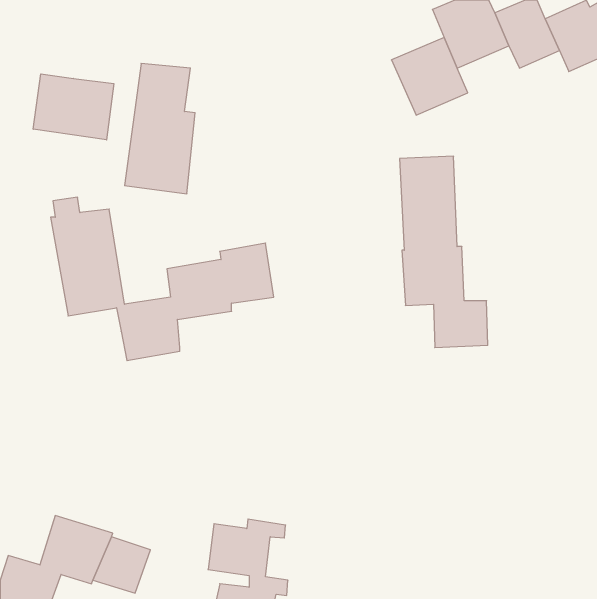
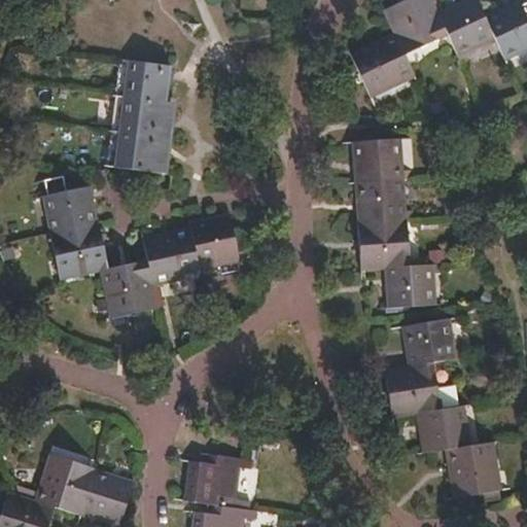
building: [33,74,114,140] -> none
building: none -> [381,321,493,496]

